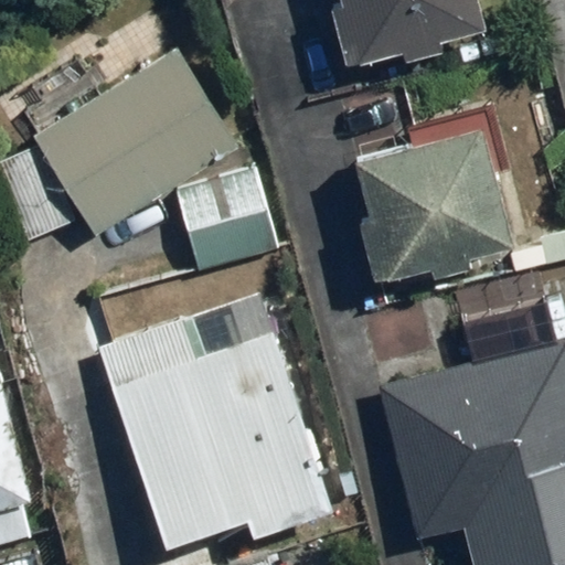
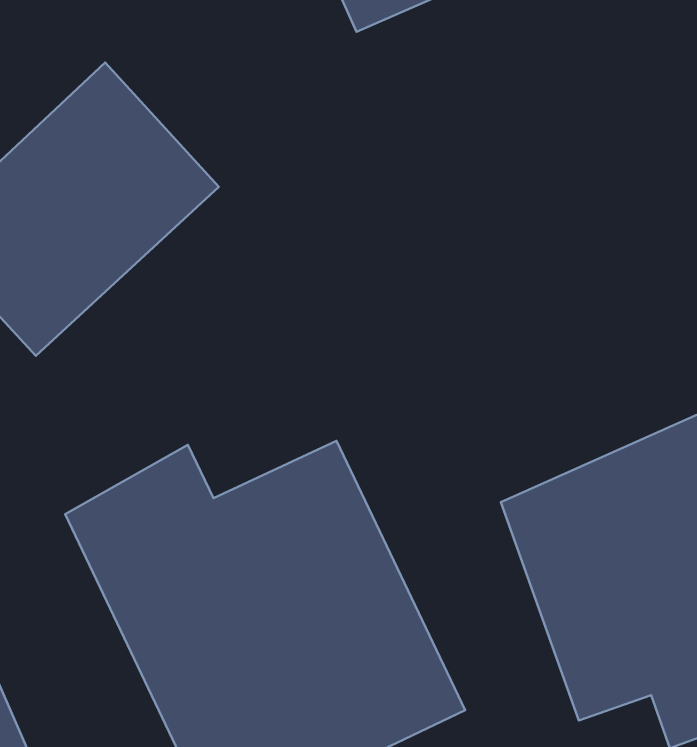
building: [351,139,511,285] -> none
building: [172,164,288,274] -> none

